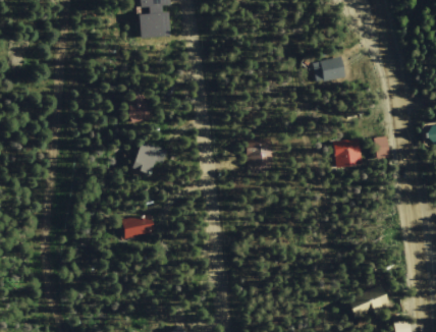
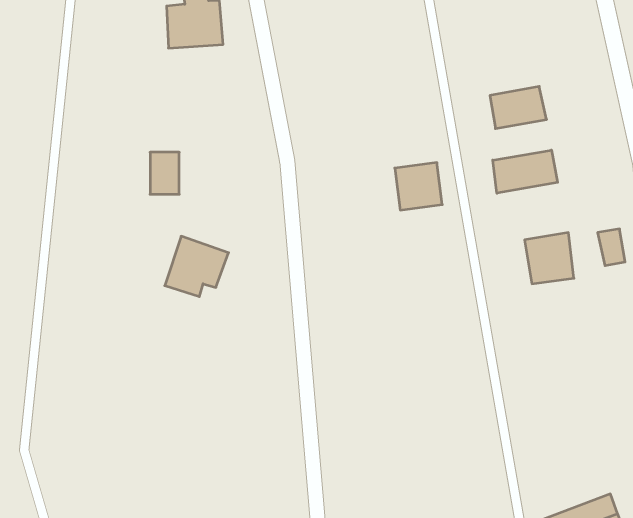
building: none -> [493,150,558,193]
building: [248,141,274,167] -> [395,163,442,210]
building: [125,218,154,236] -> none

